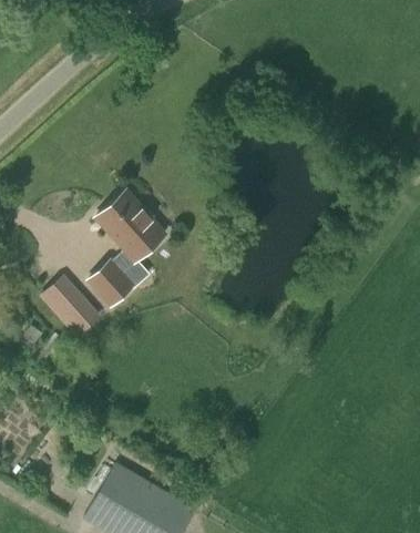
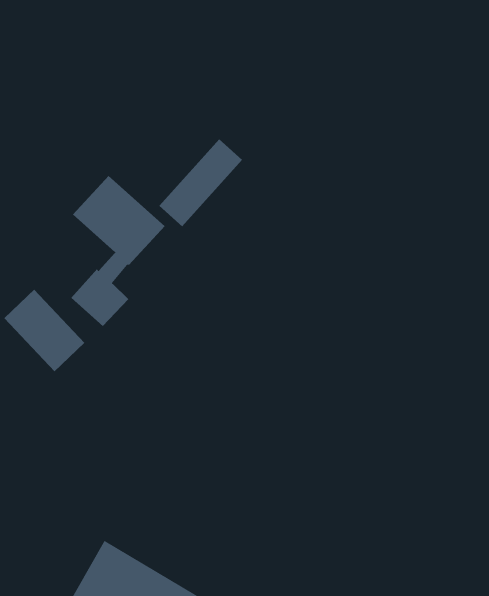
building: none -> [159,138,243,227]

